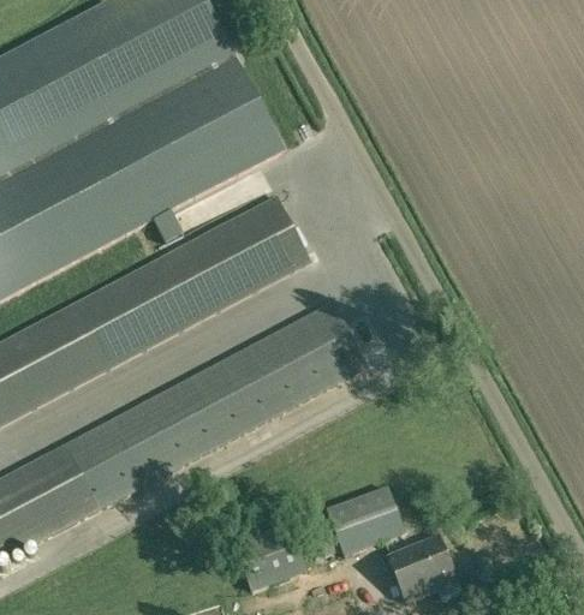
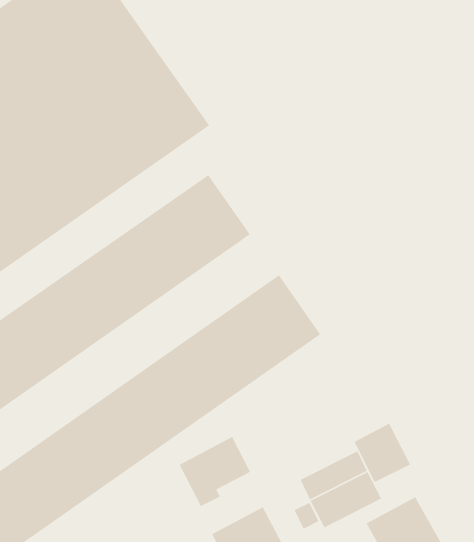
building: none -> [179,436,251,507]
building: none -> [354,423,411,483]

